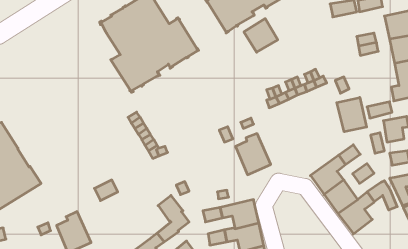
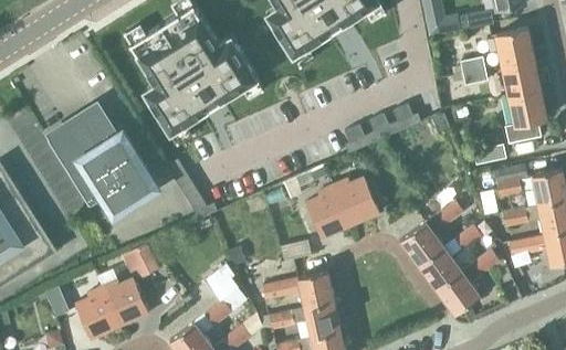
building: [244,19,278,52] -> none
building: none -> [46,112,156,212]
building: [337,97,367,132] -> none
building: none -> [332,178,379,226]
building: none -> [101,279,147,327]

